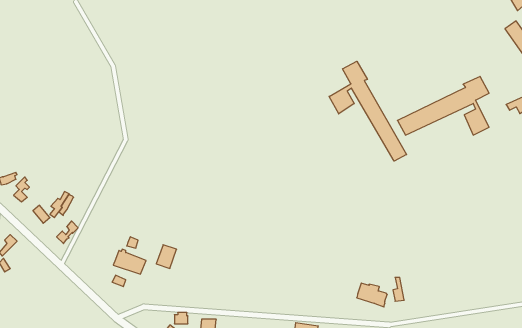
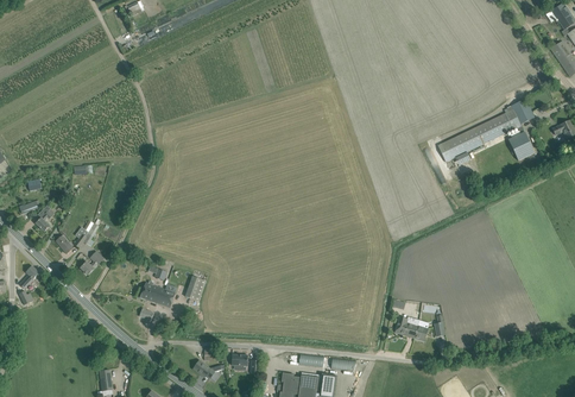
building: [329,61,407,161] -> none

